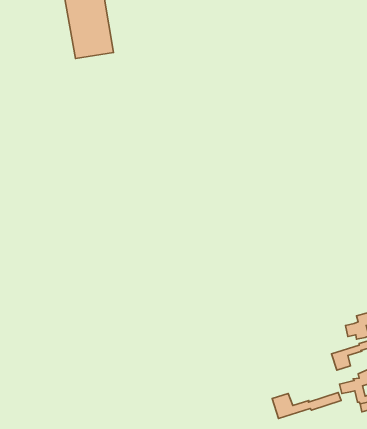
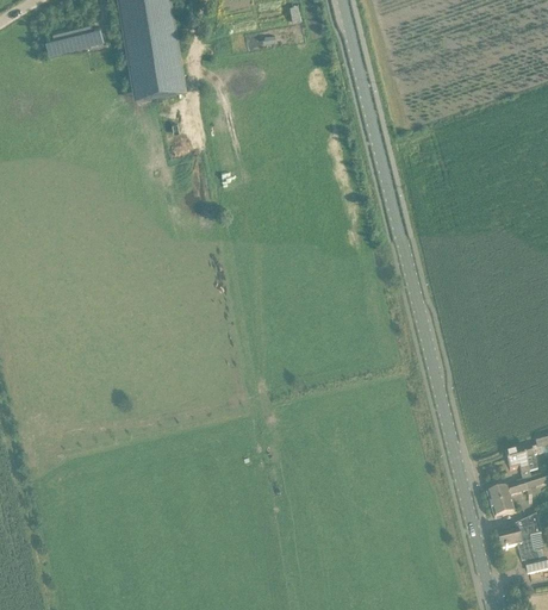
building: none -> [48,26,104,54]
building: [272,392,341,418] -> none

